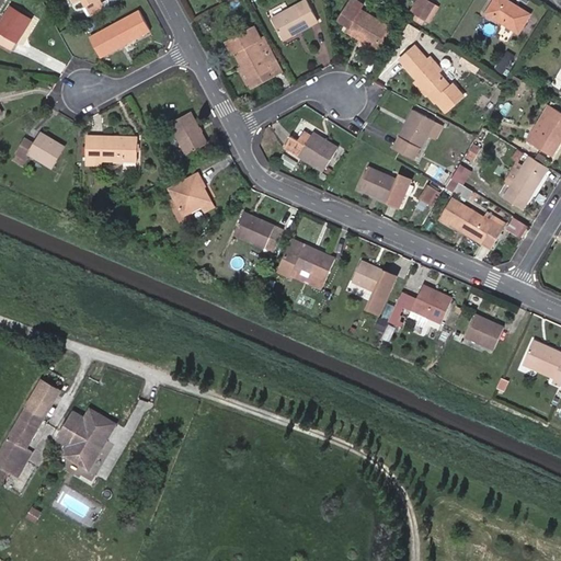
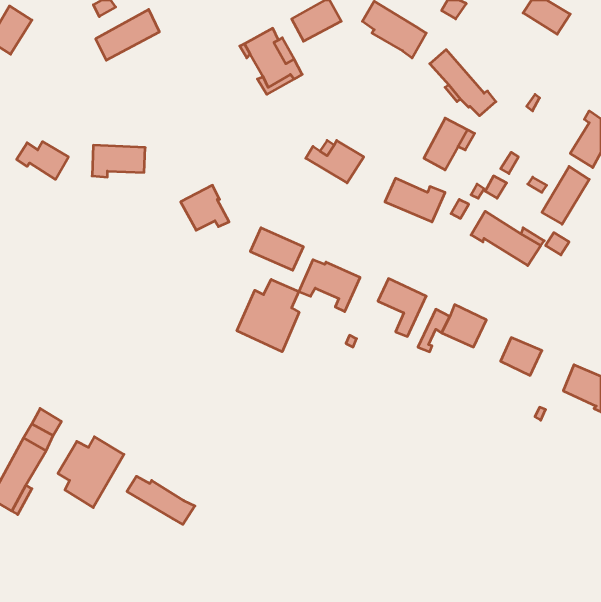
building: [169,112,206,153] -> none
building: none -> [237,279,299,352]
building: none -> [127,476,195,524]

